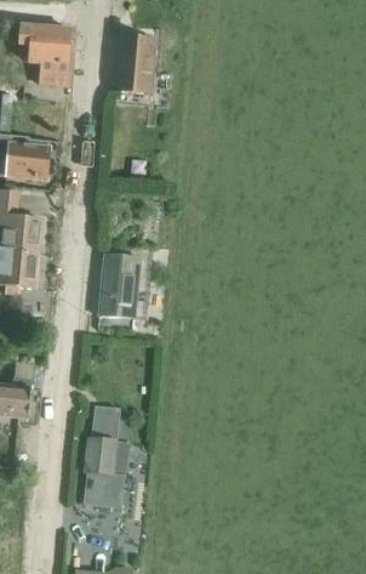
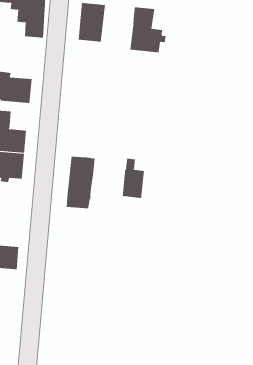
building: none -> [130,6,166,53]
building: none -> [122,158,145,199]
building: [84,405,128,507] -> none

